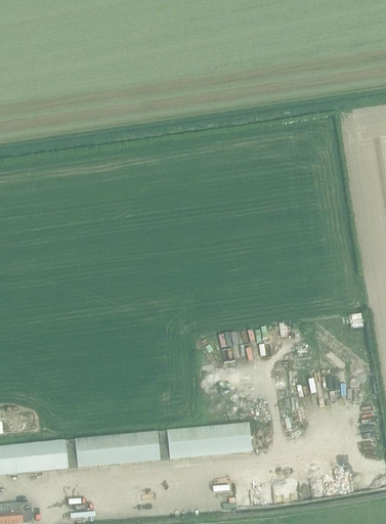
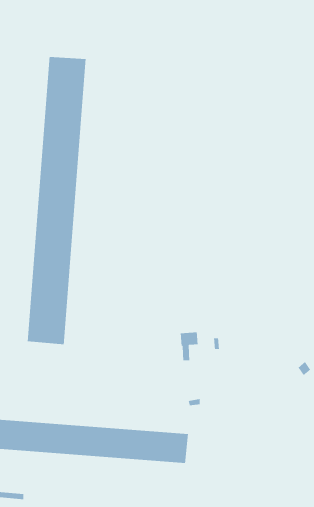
building: none -> [27,56,87,345]

